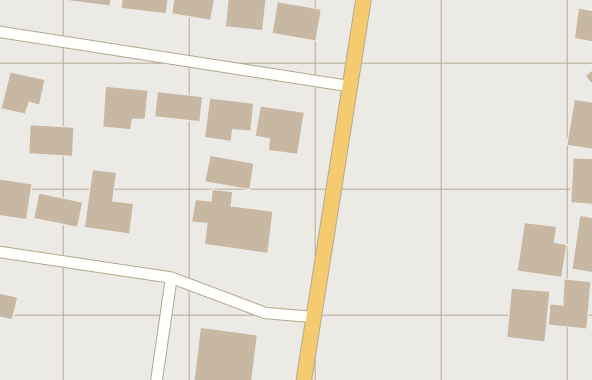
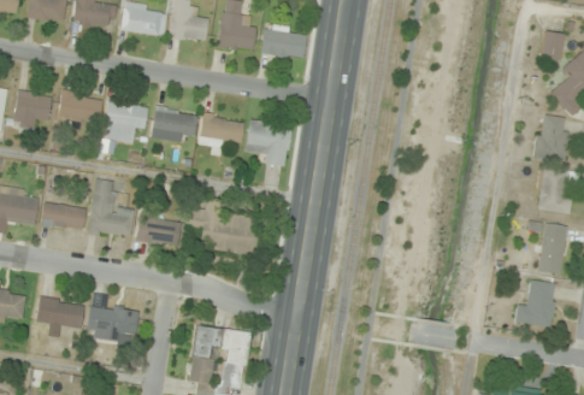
building: [28,125,74,156] -> [60,93,102,122]
building: [204,156,254,189] -> [135,216,181,247]
building: [517,222,567,277] -> none
building: [507,288,550,342] -> none
building: none -> [37,296,84,336]
building: none -> [85,302,138,342]

